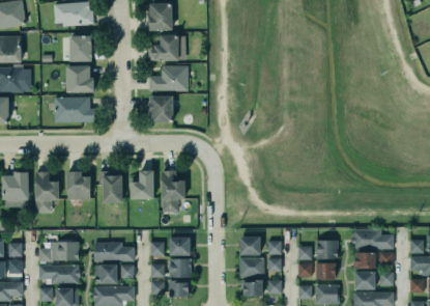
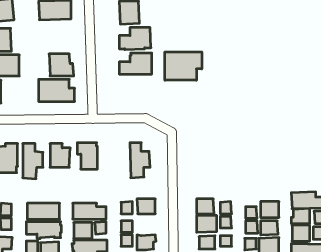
building: [69,36,92,62] -> none
building: none -> [165,52,202,80]
building: [150,96,174,122] -> none
building: [131,171,154,200] -> none
building: [170,258,192,278] -> none

